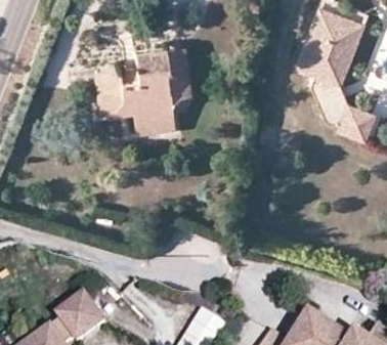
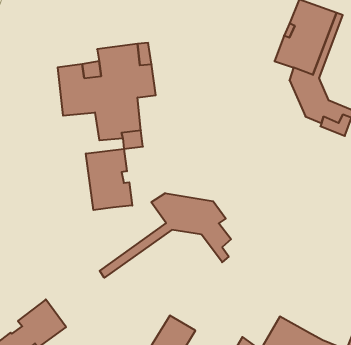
building: none -> [86,149,132,210]
building: none -> [100,193,231,278]

